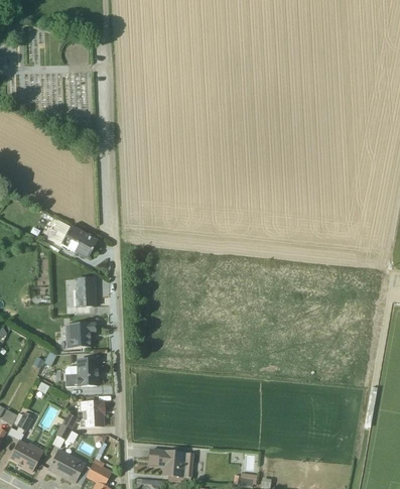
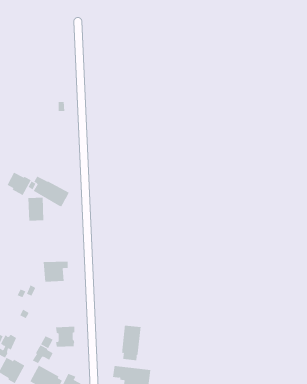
building: none -> [7,172,32,196]
building: [76,278,96,308] -> [28,197,44,221]
building: [65,360,98,387] -> none
building: none -> [122,325,141,361]

